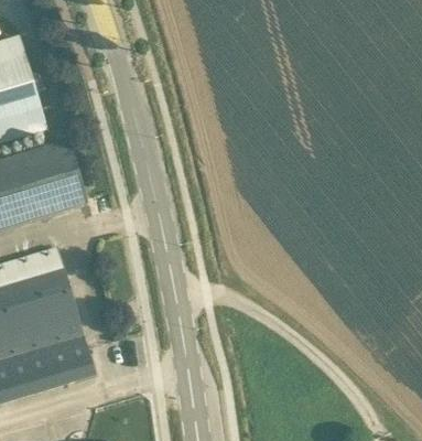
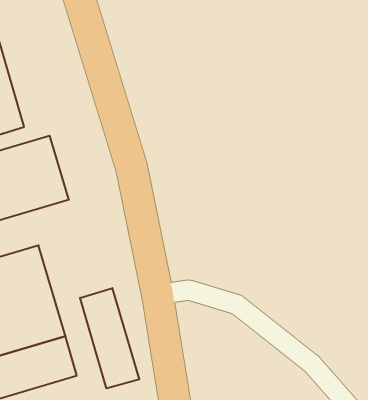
building: none -> [80,288,139,388]

